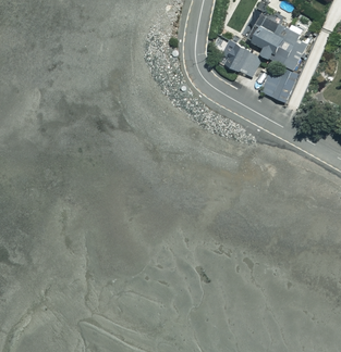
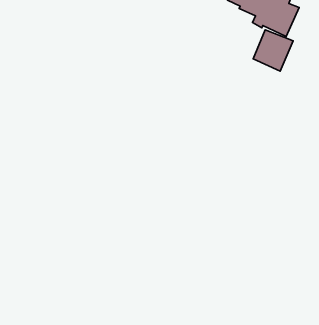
building: [220,41,260,77] -> none

